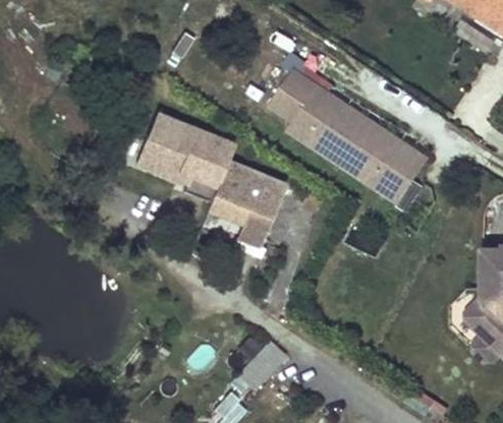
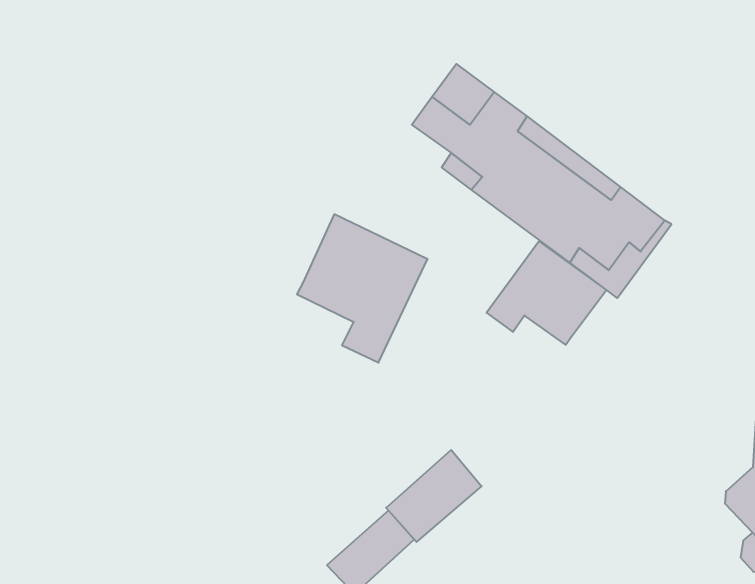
building: [138,117,233,204] -> none
building: none -> [487,241,606,345]
building: none -> [386,450,482,542]

